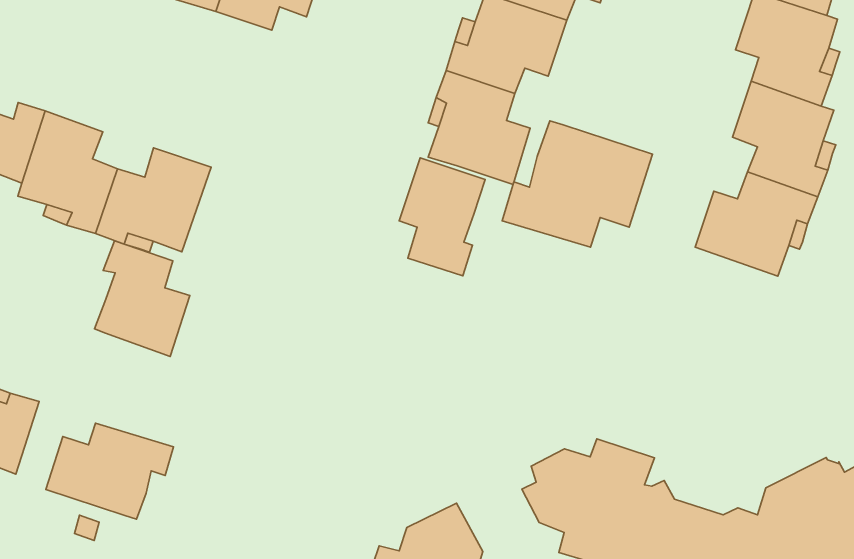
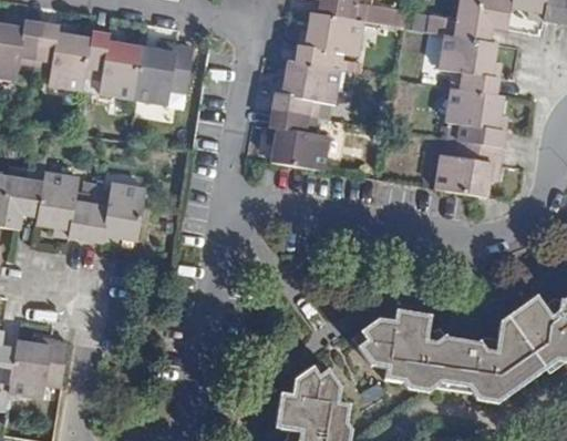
building: [502,121,653,247] -> none
building: [399,158,485,276] -> none
building: [94,241,190,357] -> none
building: [46,423,174,519] -> none

